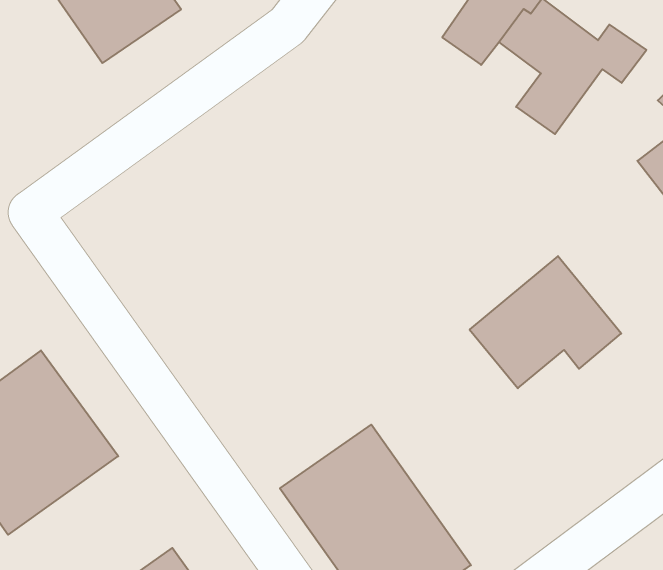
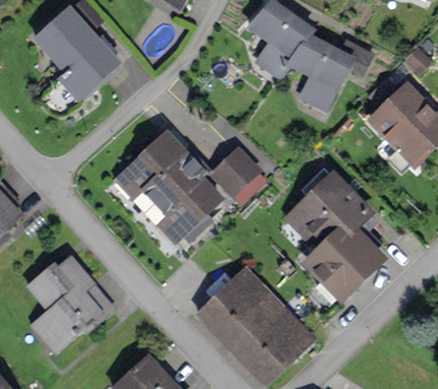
building: none -> [122,136,225,243]
building: none -> [213,149,257,192]
building: none -> [308,221,382,296]

